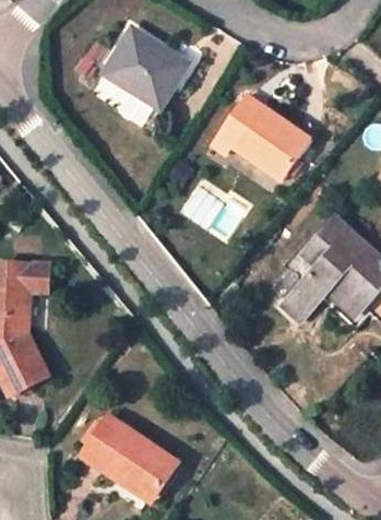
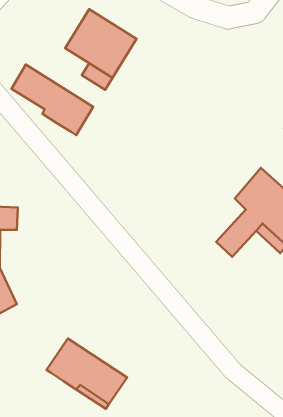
building: [195,87,312,180] -> none
building: none -> [11,65,93,135]

